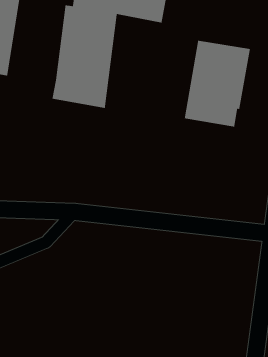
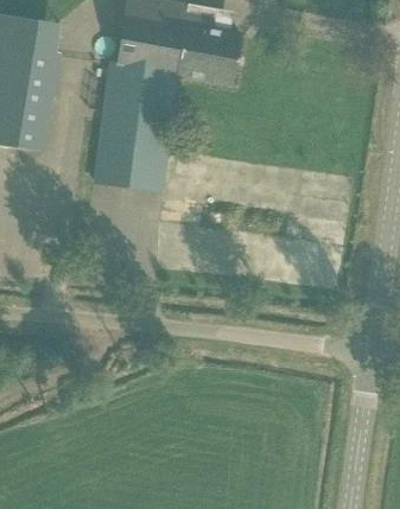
building: [184,40,251,128] -> none

